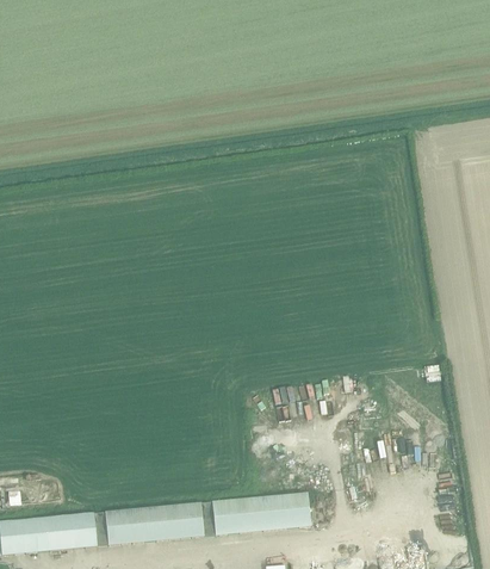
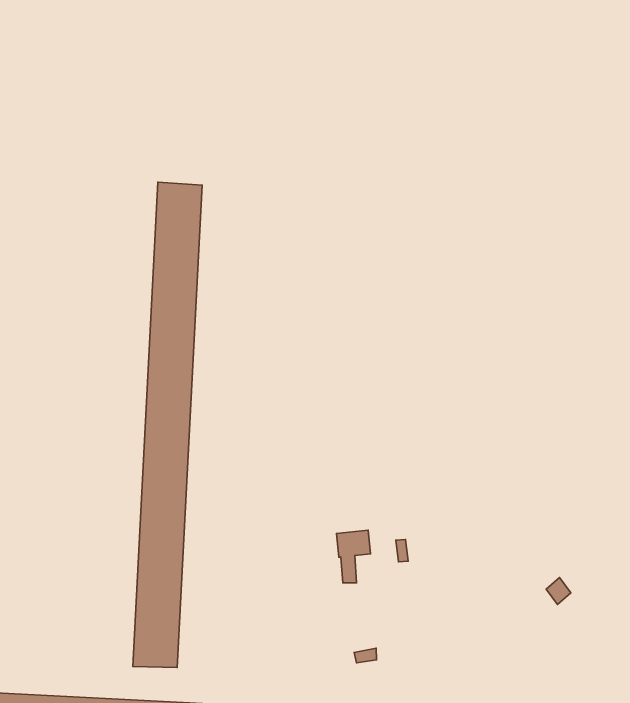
building: none -> [133,182,202,668]

